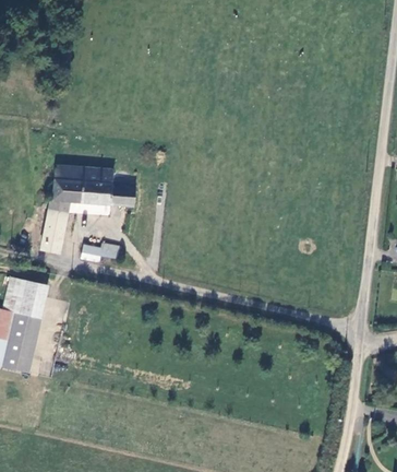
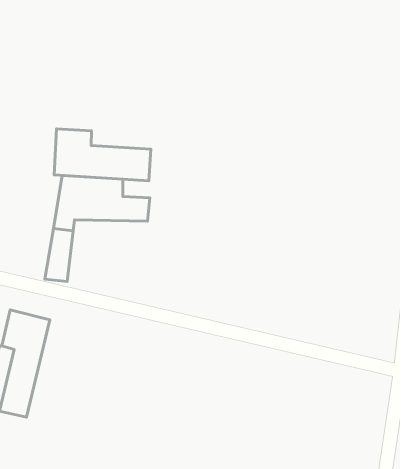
building: none -> [54,129,151,181]
building: [83,243,123,262] -> none

